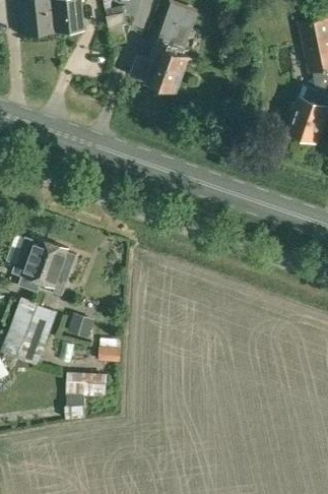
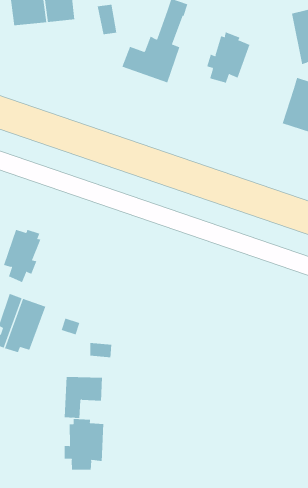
building: none -> [207,32,250,84]
building: [32,239,76,289] -> none
building: none -> [64,418,104,471]

